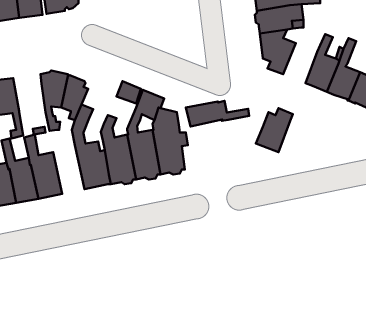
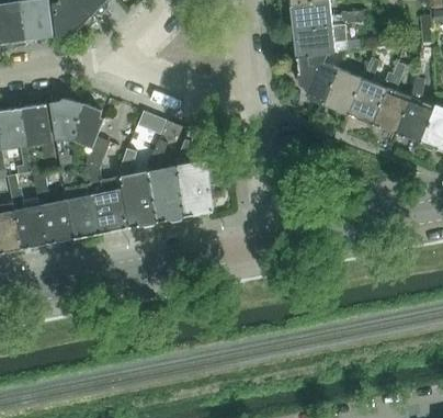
building: none -> [20,103,55,159]
building: [186,101,249,126] -> none
building: [256,108,293,152] -> [323,64,365,113]
building: none -> [60,166,100,238]

